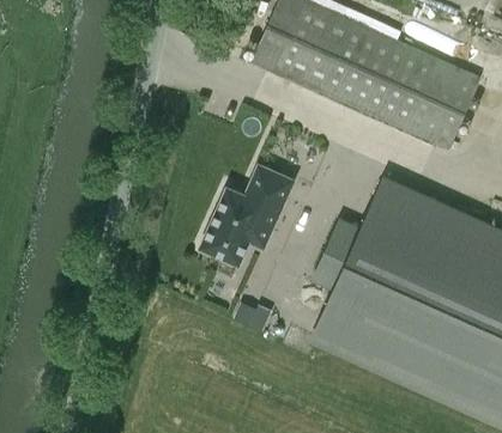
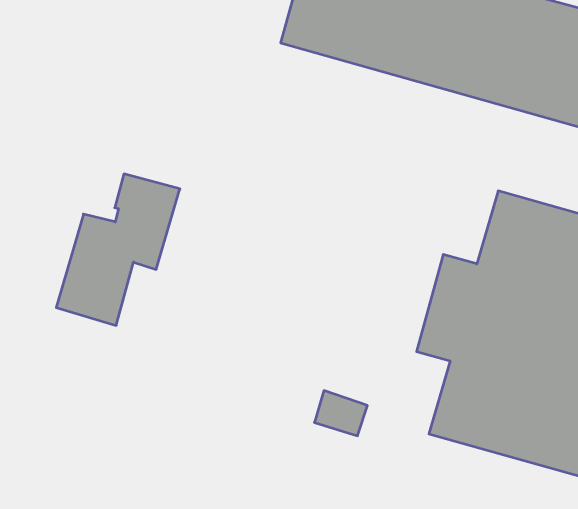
building: [201,164,296,264] -> [56,174,180,325]

